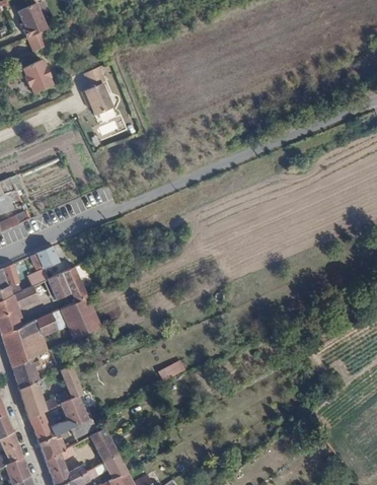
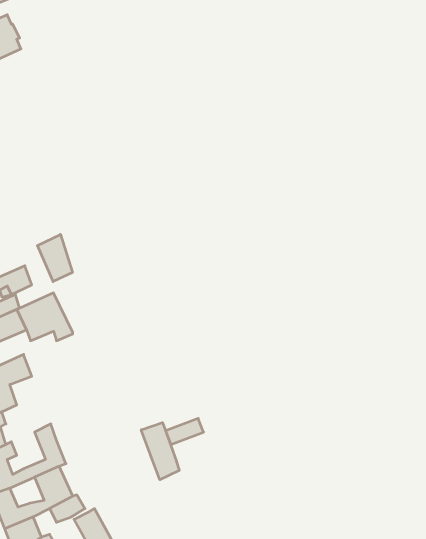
building: [82,67,112,117] -> none
building: none -> [37,234,72,282]
building: [63,297,102,338] -> none
building: none -> [141,423,179,480]

